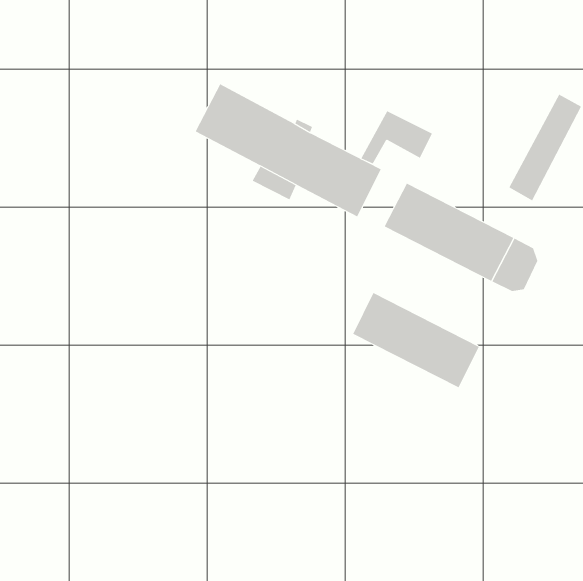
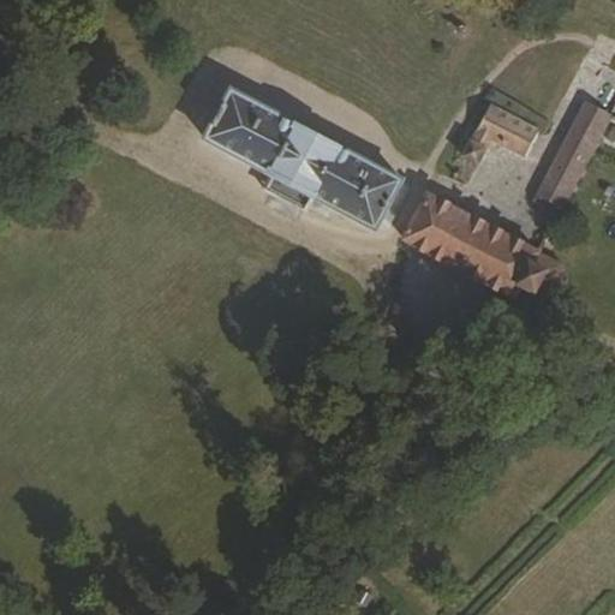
building: [361,110,433,164] -> [462,103,538,160]
building: [352,292,479,388] -> none

